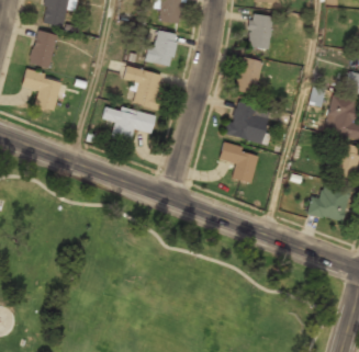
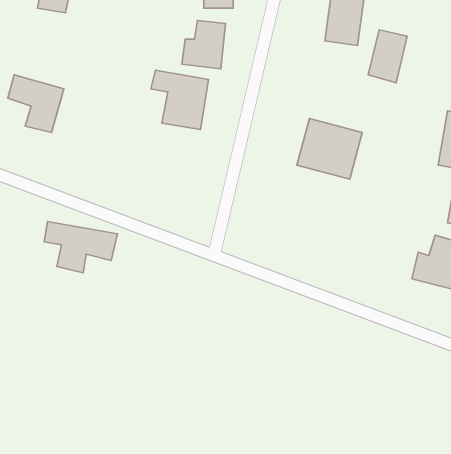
building: [29,31,57,69] -> none
building: [235,57,262,94] -> [368,30,407,83]
building: [103,106,155,143] -> [44,222,117,273]
building: [218,141,259,182] -> none

